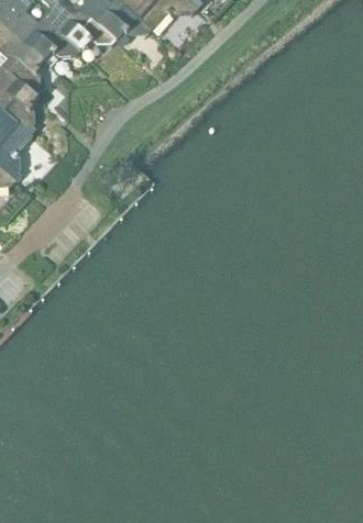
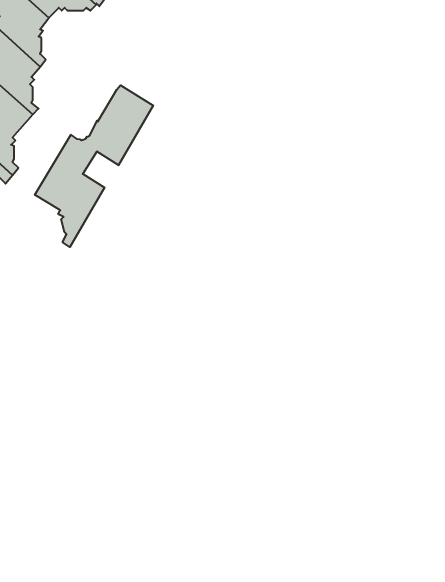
building: none -> [35,85,153,247]

